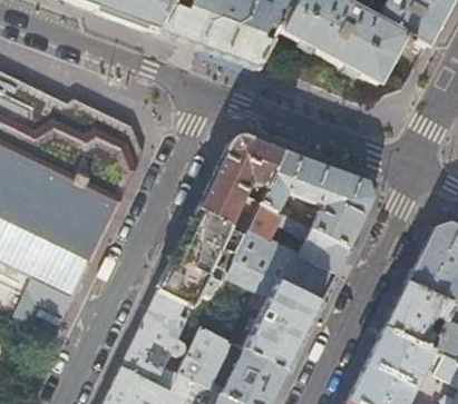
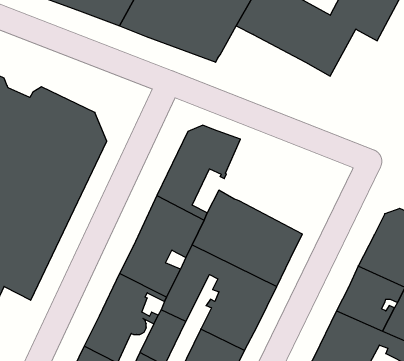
building: [262,149,374,248] -> none

